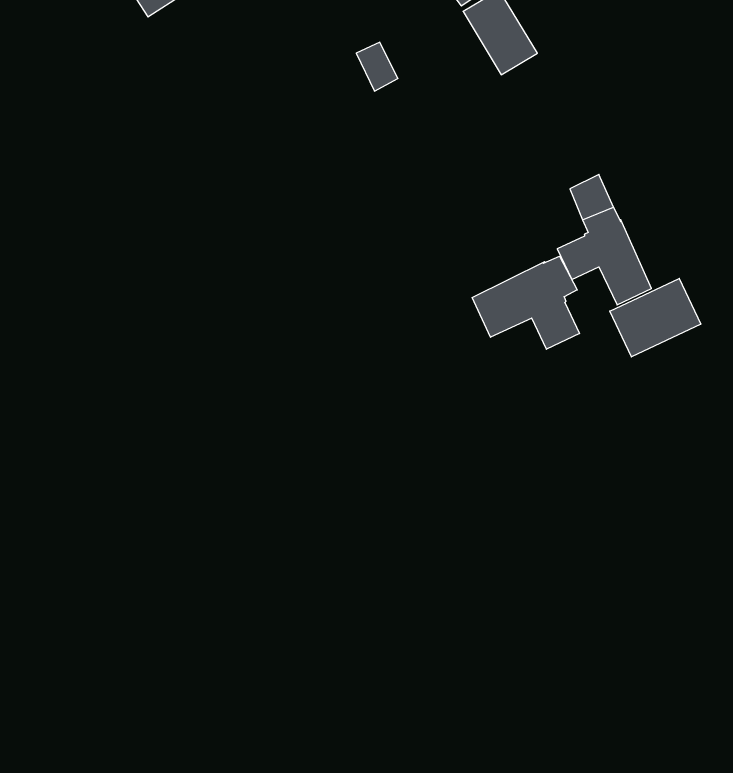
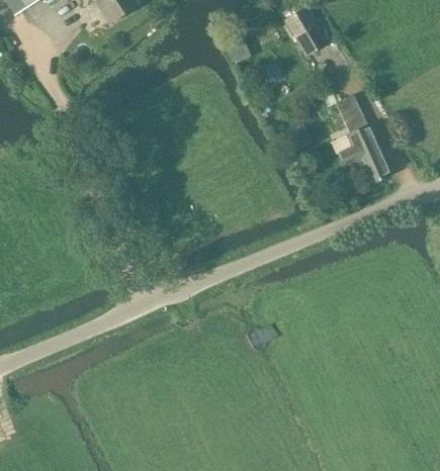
building: [472,256,579,349] -> none
building: [610,278,701,357] -> none

